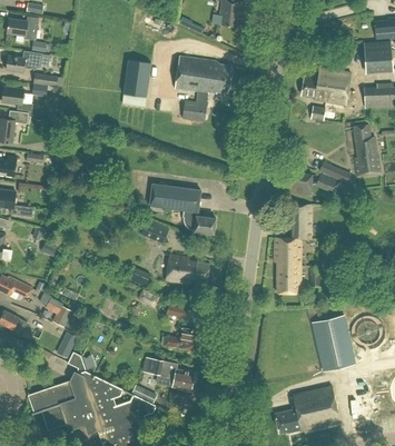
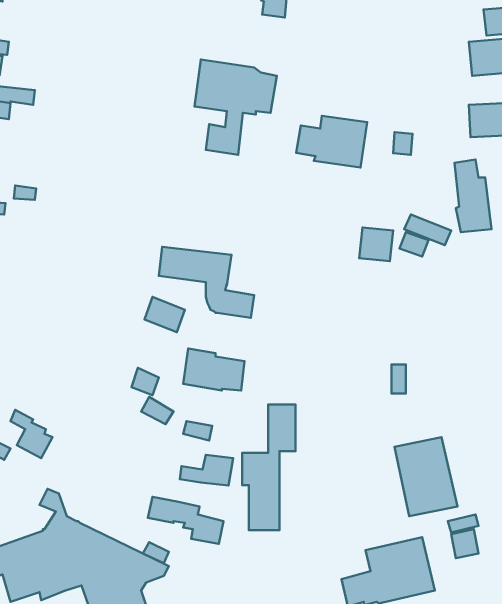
building: [122,60,150,97] -> none
building: [300,69,349,105] -> [296,116,367,167]
building: [274,205,310,291] -> [242,404,296,530]

